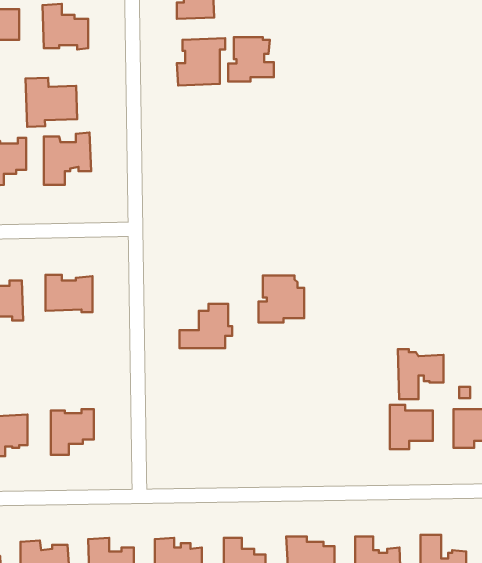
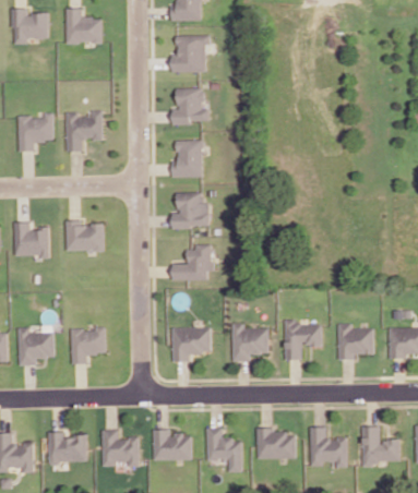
building: [228,37,274,81] -> [171,88,207,123]
building: [26,78,77,127] -> none
building: none -> [171,140,202,176]
building: [259,275,304,322] -> [172,192,208,229]
building: [398,349,443,399] -> [285,320,321,359]
building: none -> [234,324,267,360]
building: none -> [172,327,211,361]

